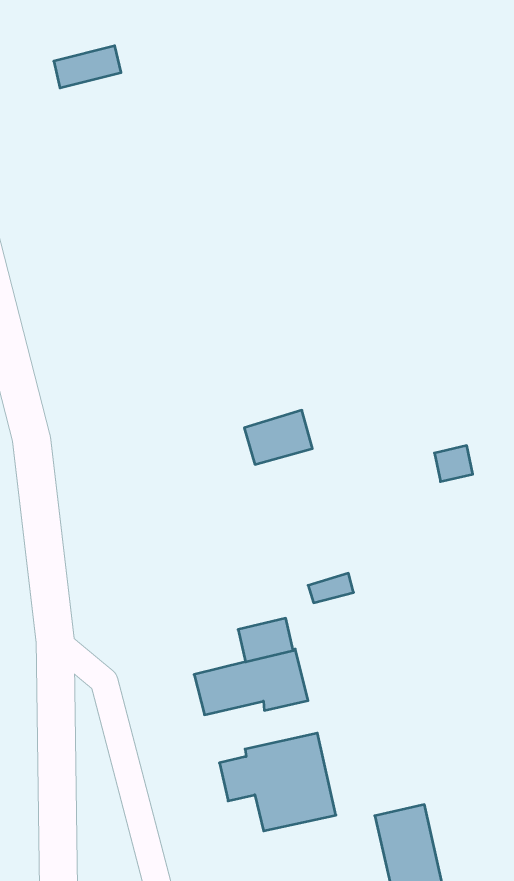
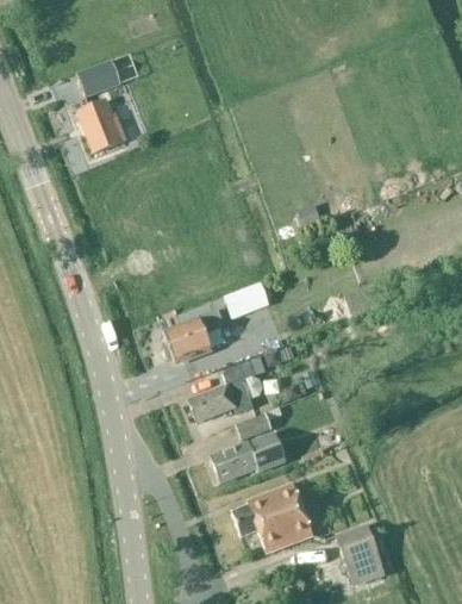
building: none -> [76,99,125,151]
building: none -> [163,309,221,361]
building: none -> [189,355,266,421]

